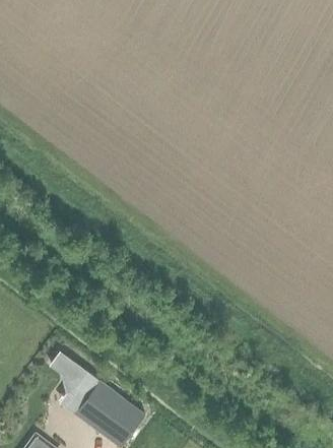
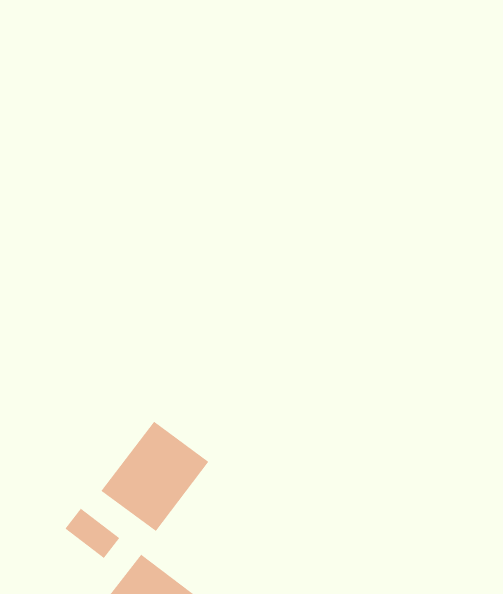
building: none -> [101,421,209,532]

